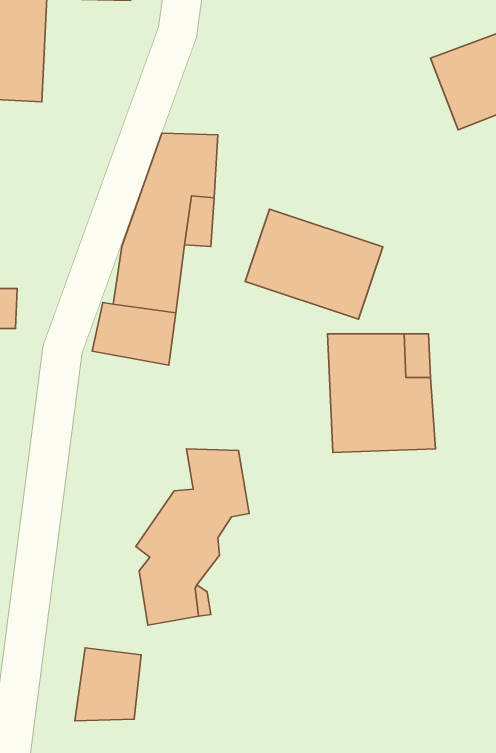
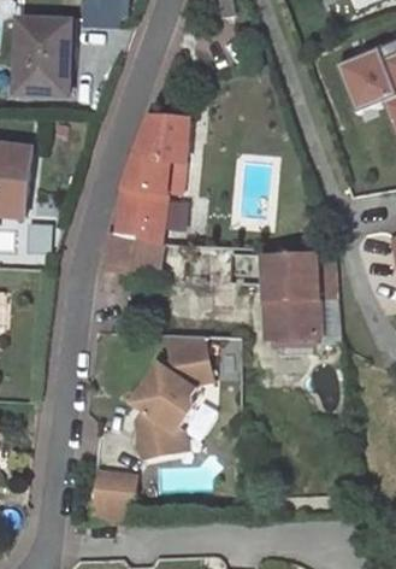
building: [245,209,383,319] -> none

